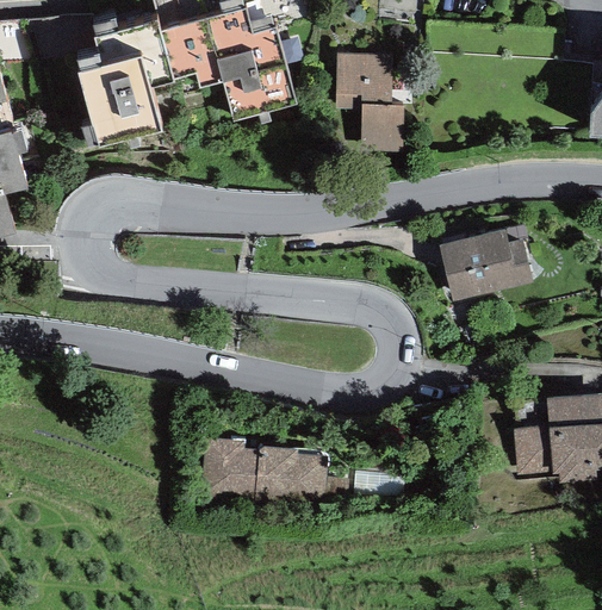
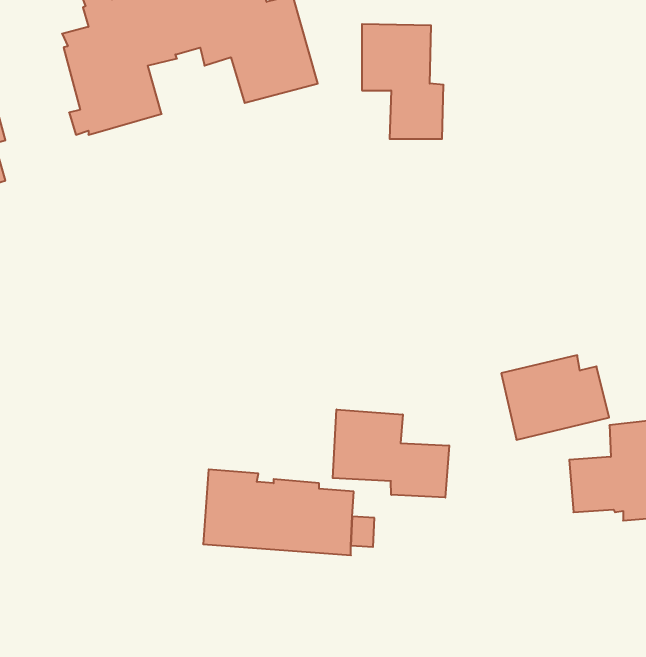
building: [440,228,533,300] -> [501,355,609,440]
building: none -> [333,409,449,498]

